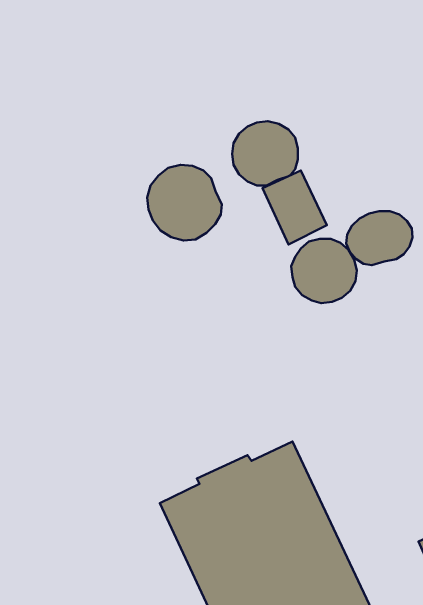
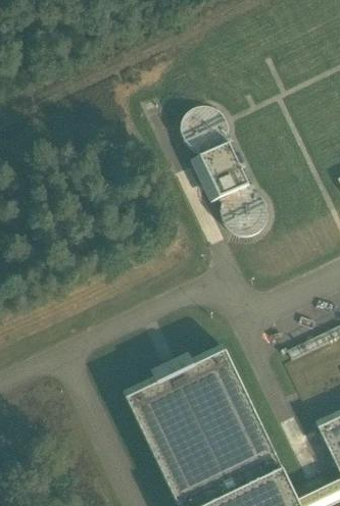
building: [147,165,222,241] -> none
building: [346,211,413,265] -> none

